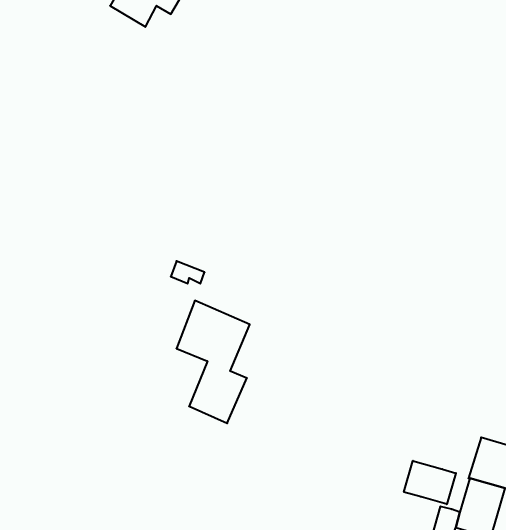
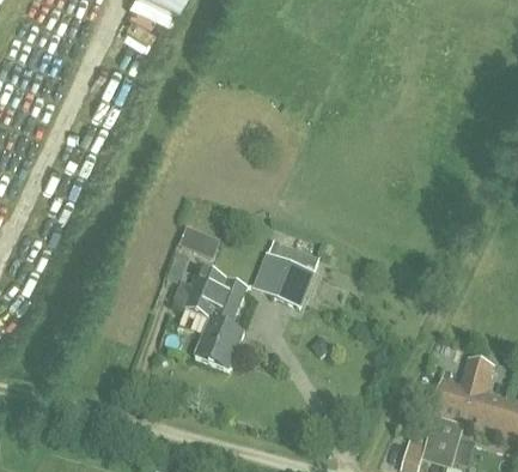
building: none -> [255,249,318,303]
building: [404,461,456,504] -> none

